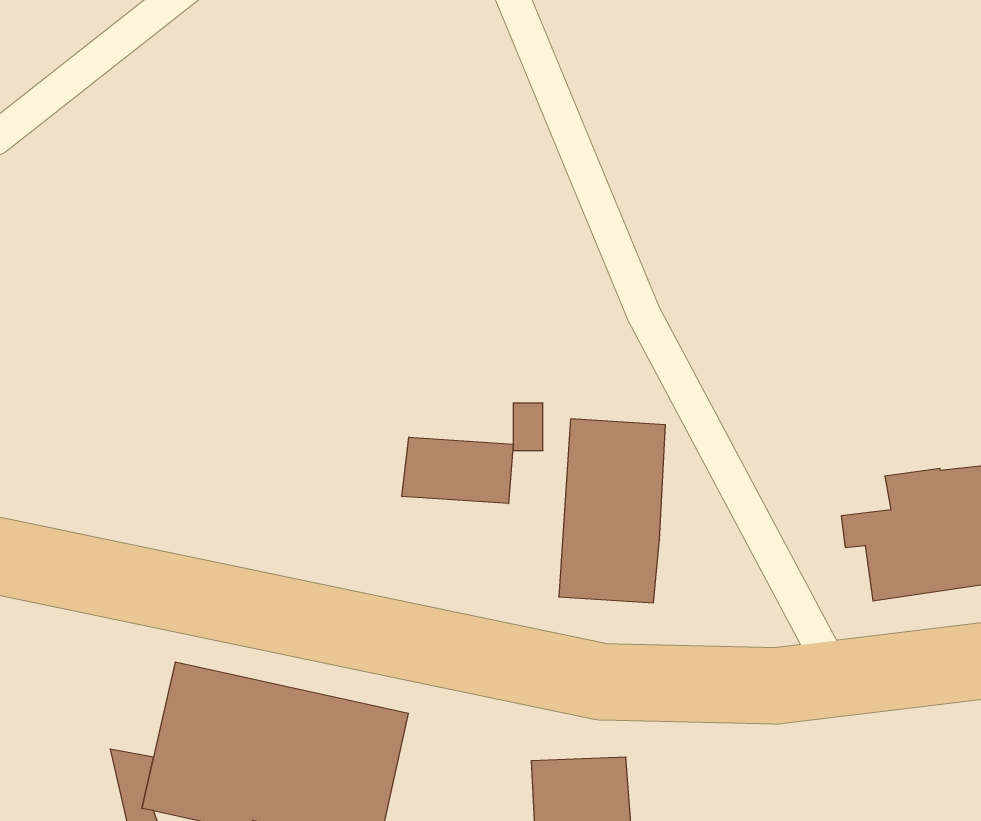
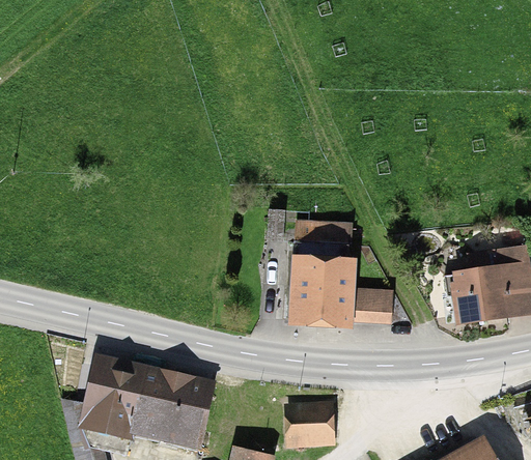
building: [402,437,513,504] -> none
building: none -> [345,289,390,326]

